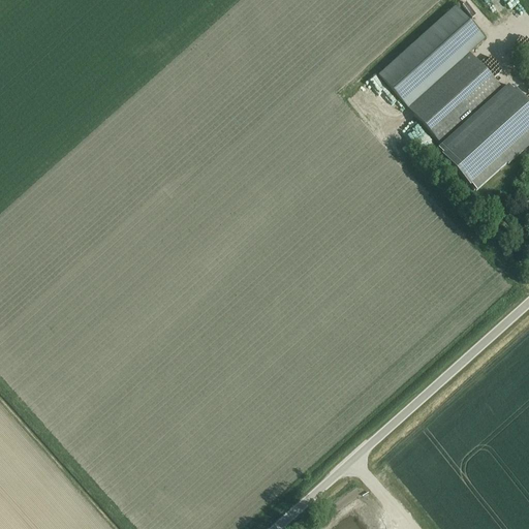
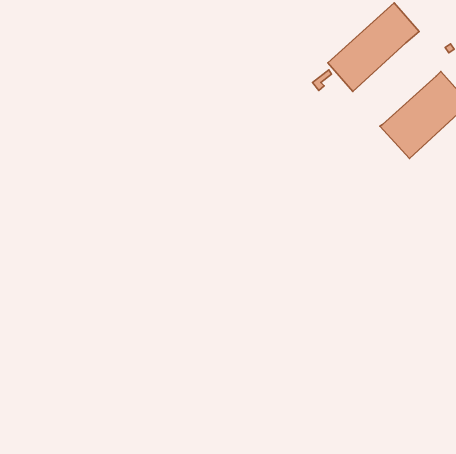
building: [409,50,505,144] -> none

